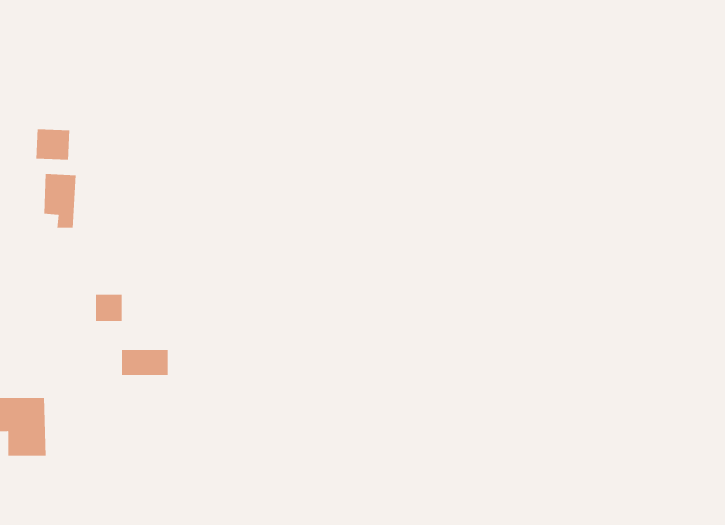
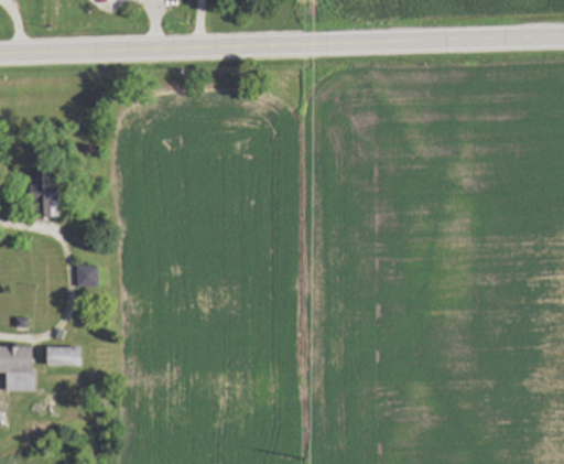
building: [36,128,70,161] -> none
building: [121,350,169,375] -> [46,346,83,366]

